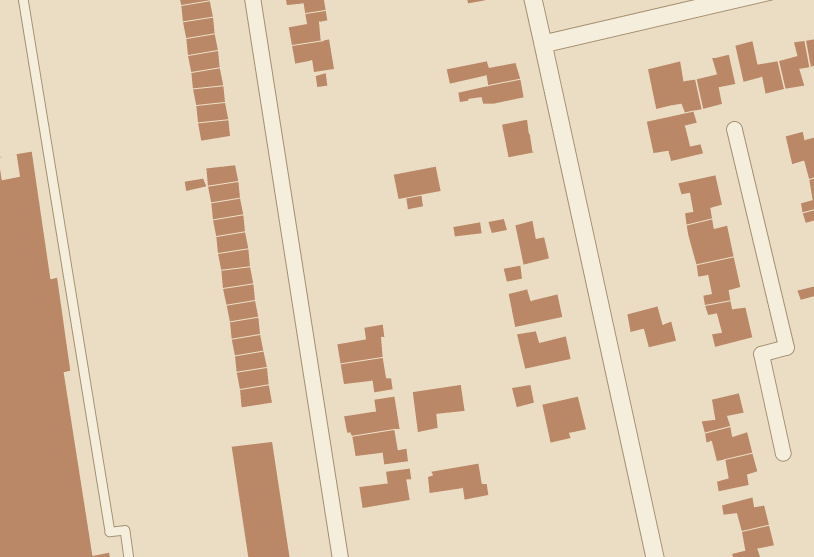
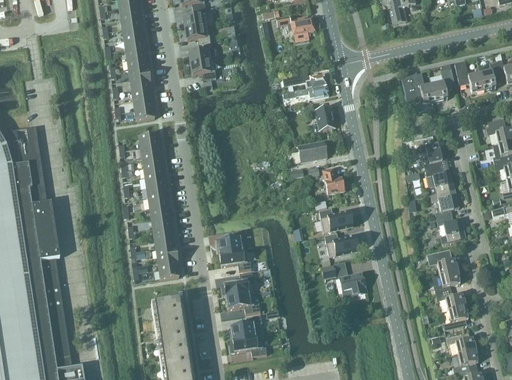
building: [646,111,704,162] -> none
building: [393,166,442,200] -> [298,141,327,161]
building: [626,306,677,348] -> [427,249,457,274]
building: [412,384,465,433] -> none
building: [427,463,489,500] -> [230,334,267,356]

